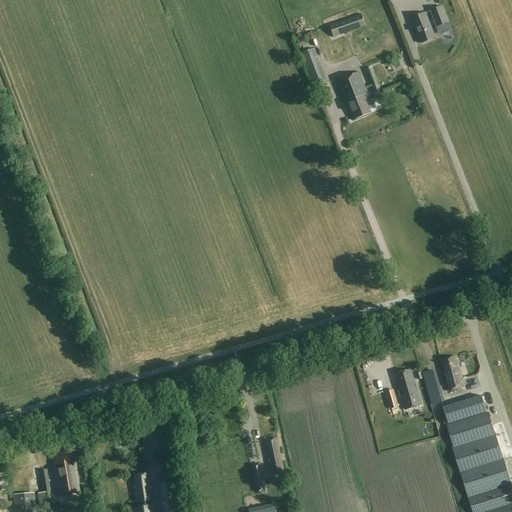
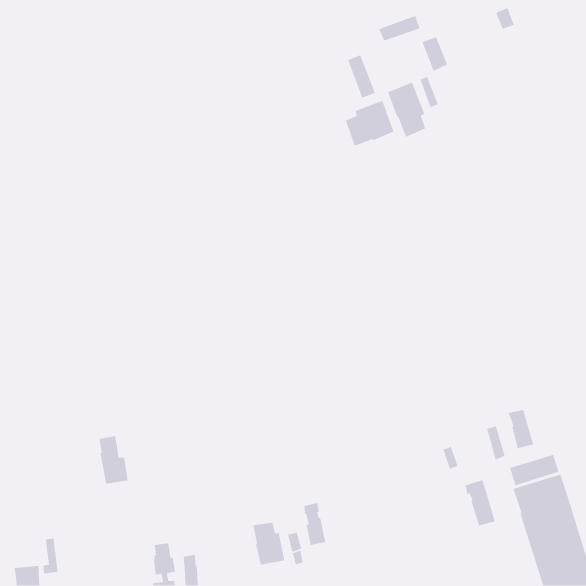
building: [413,12,436,43] -> [422,36,448,72]
building: none -> [345,100,395,147]
building: [396,368,423,409] -> [465,479,496,526]
building: [53,450,79,493] -> [99,435,128,484]
building: none -> [252,522,285,565]

